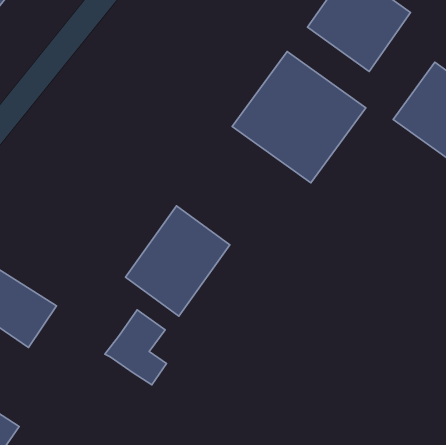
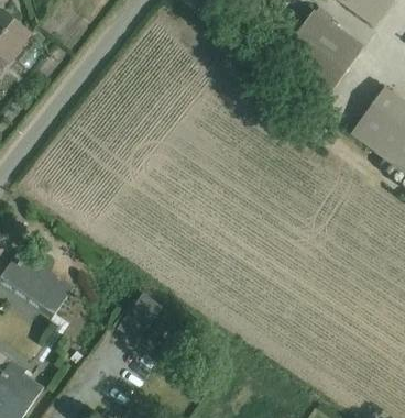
building: [232,51,366,183] -> none
building: [125,206,230,316] -> none

